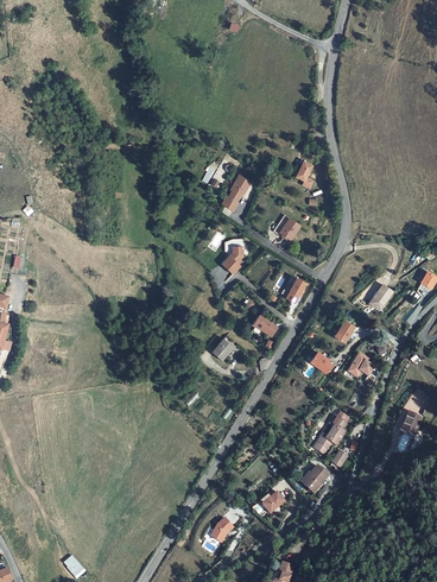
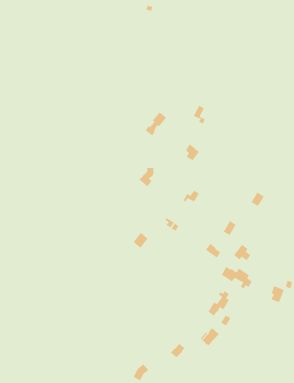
building: none -> [221,266,253,289]

